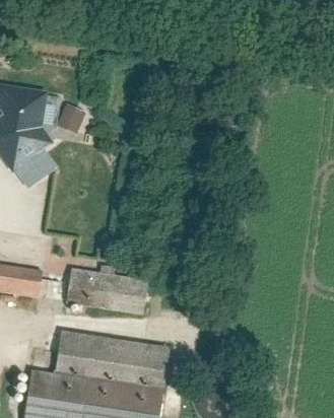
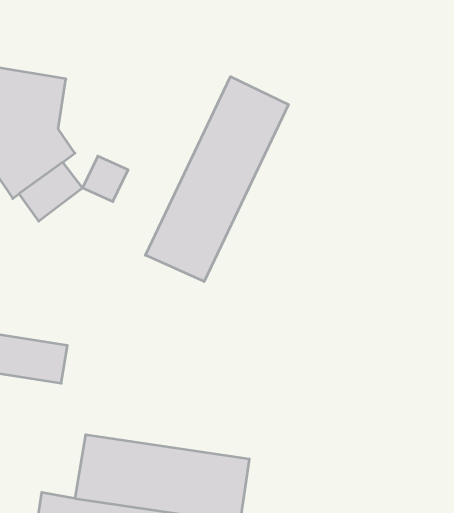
building: none -> [145,77,288,282]
building: [55,102,85,133] -> [83,156,128,202]
building: [64,266,152,314] -> none

